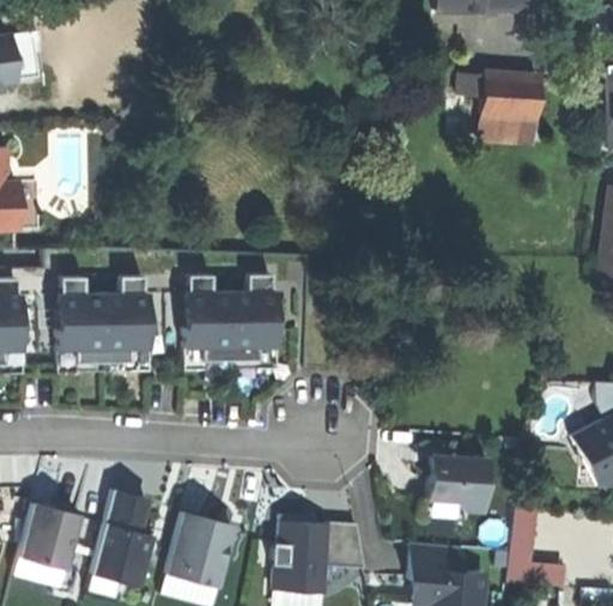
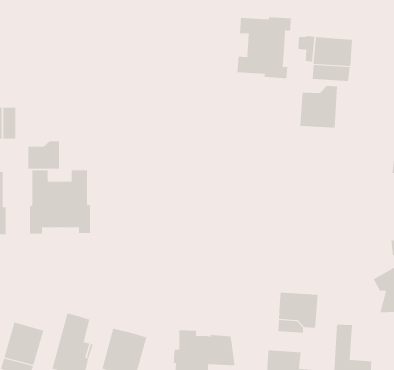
building: none -> [237,16,291,79]
building: none -> [300,85,338,129]
building: none -> [28,141,60,170]
building: [184,273,278,370] -> none

